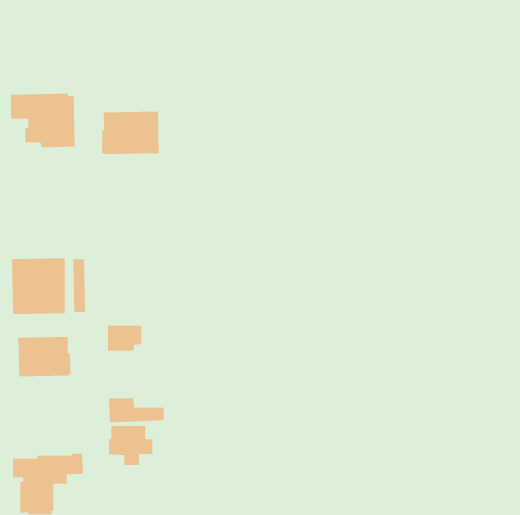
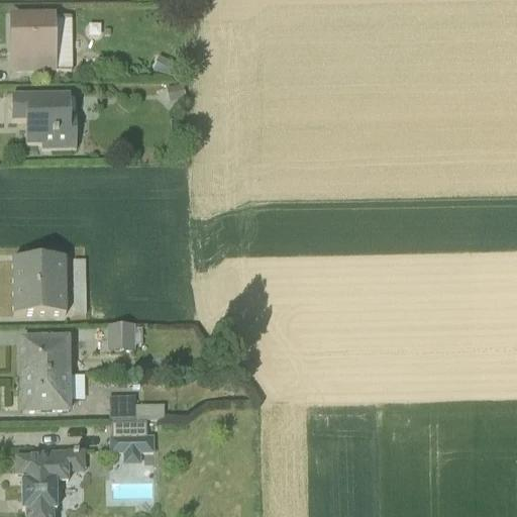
building: none -> [9,11,72,70]
building: [101,111,159,155] -> none
building: none -> [20,373,85,410]

